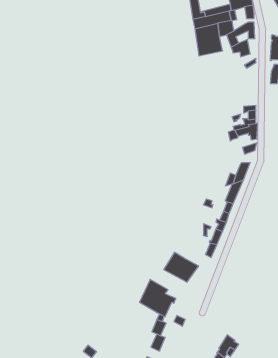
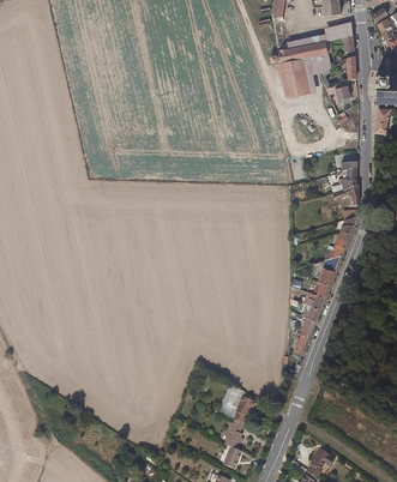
building: [164,252,198,282] -> none

